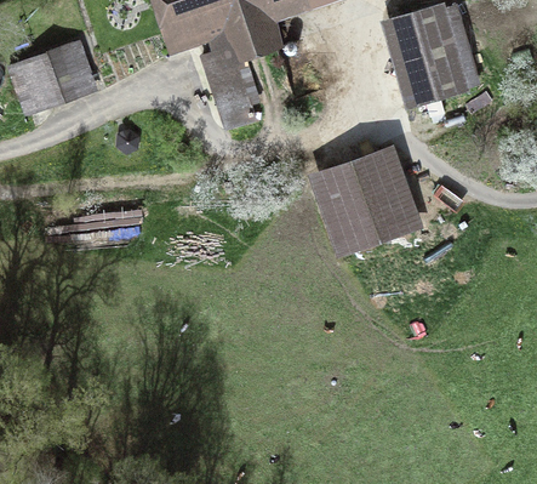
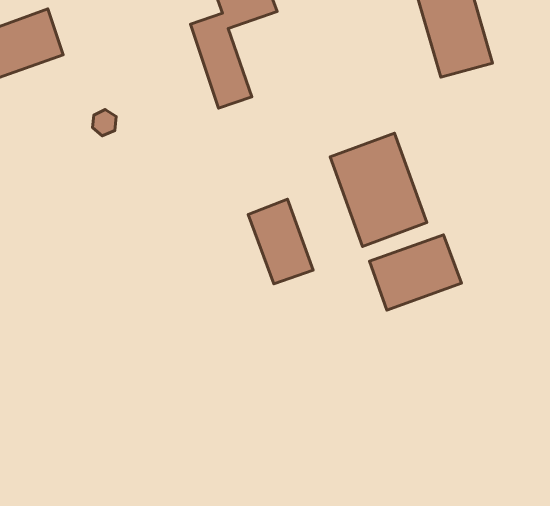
building: none -> [248,199,313,284]
building: none -> [370,235,461,310]

